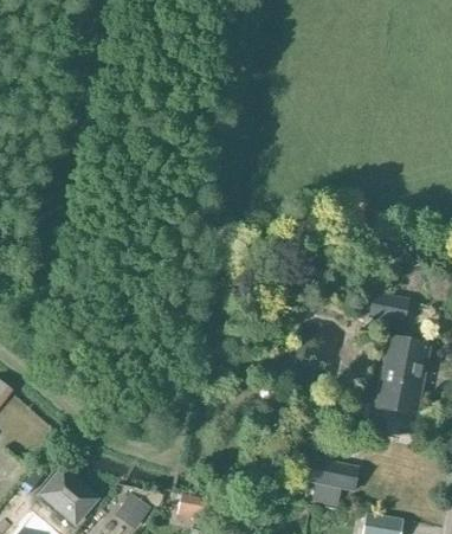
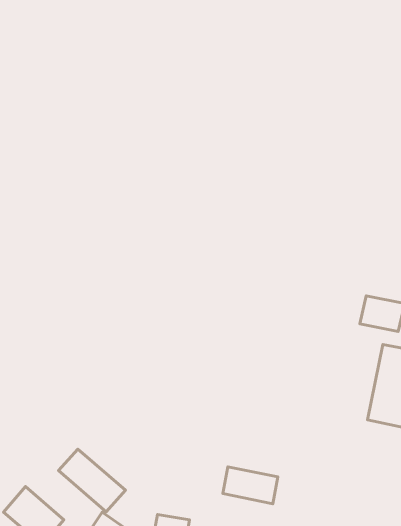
building: none -> [59,449,126,512]
building: [309,457,360,491] -> [223,467,278,504]

